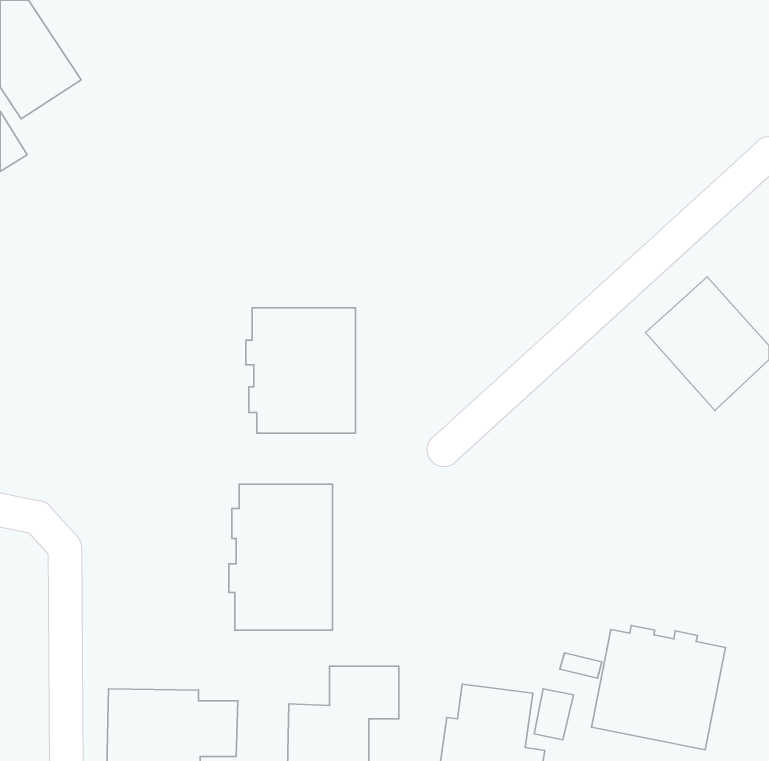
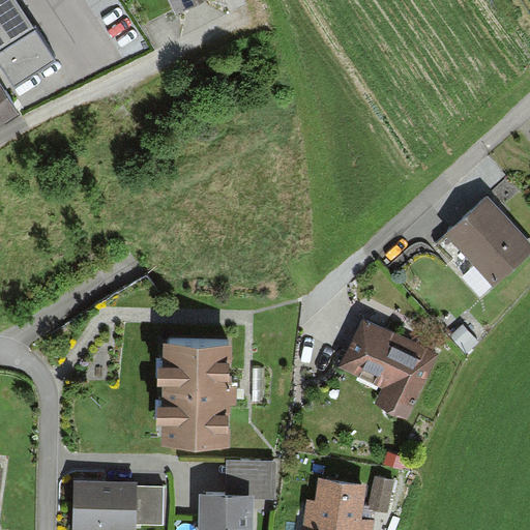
building: [246,308,355,433] -> none
building: none -> [337,318,439,420]
building: [591,625,726,750] -> none

